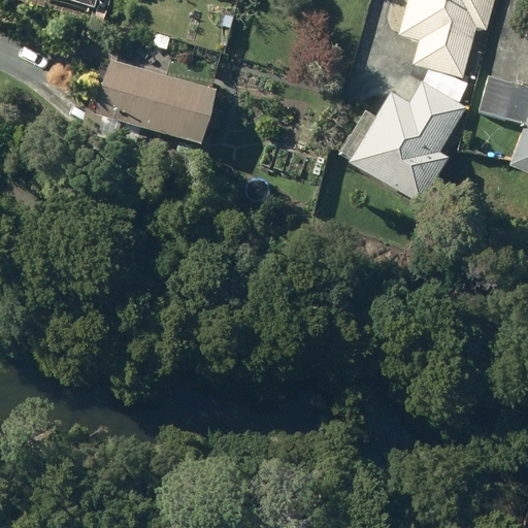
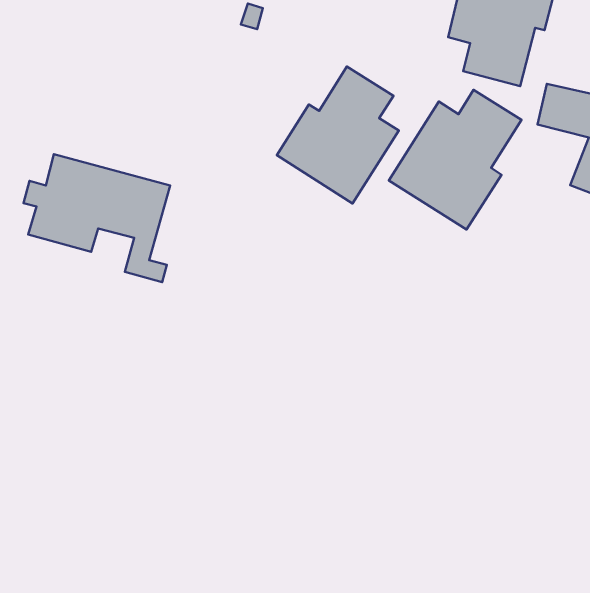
building: none -> [277,67,399,203]
building: [86,60,216,173] -> [24,154,170,282]

